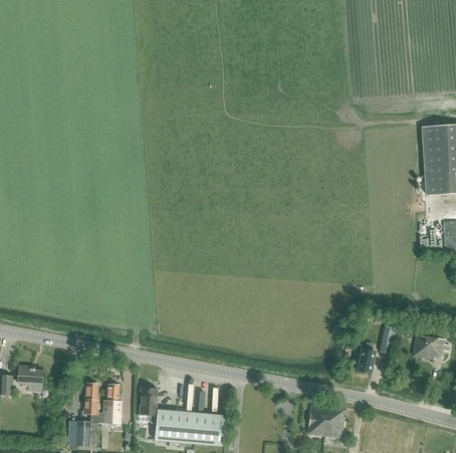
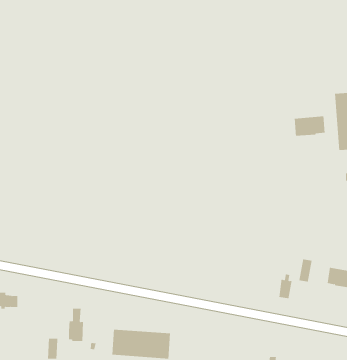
building: none -> [294,116,325,136]
building: [83,382,102,422] -> none
building: [139,387,157,423] -> none
building: [308,404,345,437] -> none

